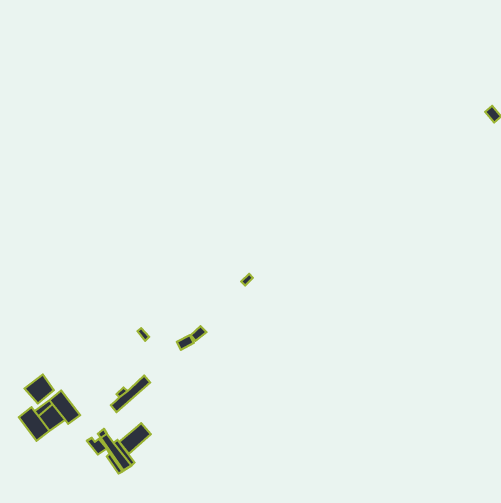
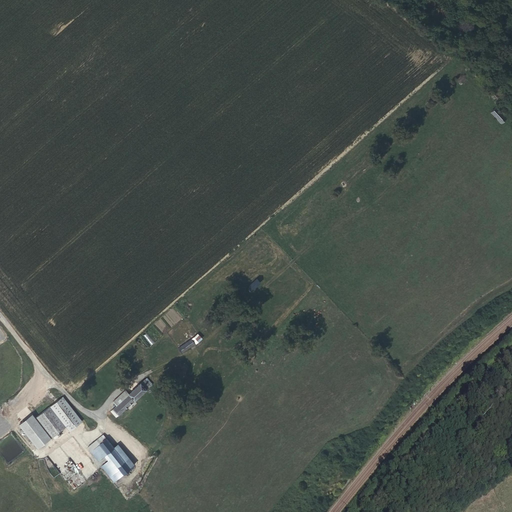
building: [24,375,54,404] -> none
building: [119,423,151,454] -> none

